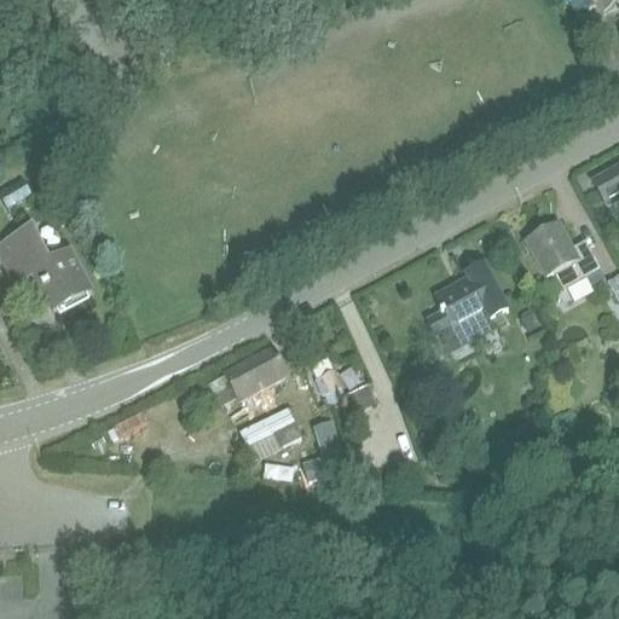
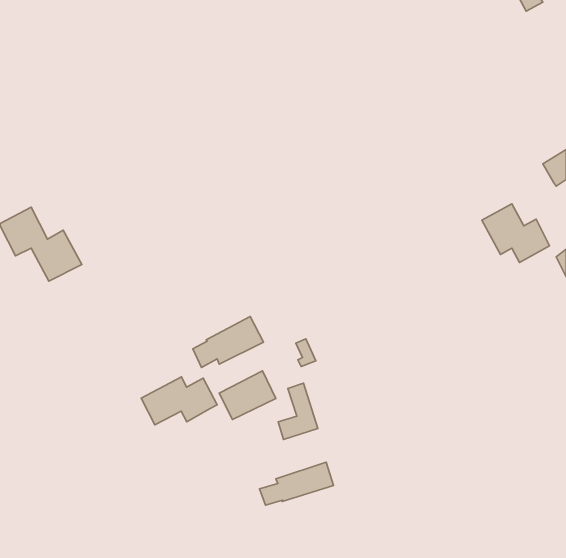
building: [427,262,508,348] -> none
building: none -> [141,377,217,425]
building: none -> [259,462,334,505]

